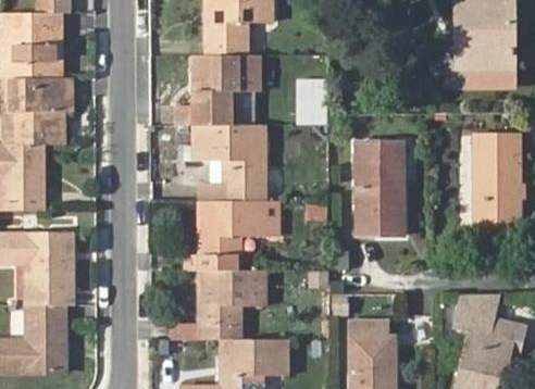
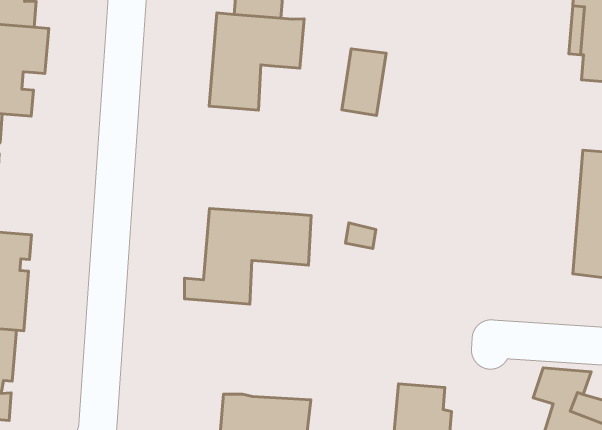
building: [195,126,265,202] -> none
building: [357,141,405,236] -> none
building: [201,269,265,339] -> none

